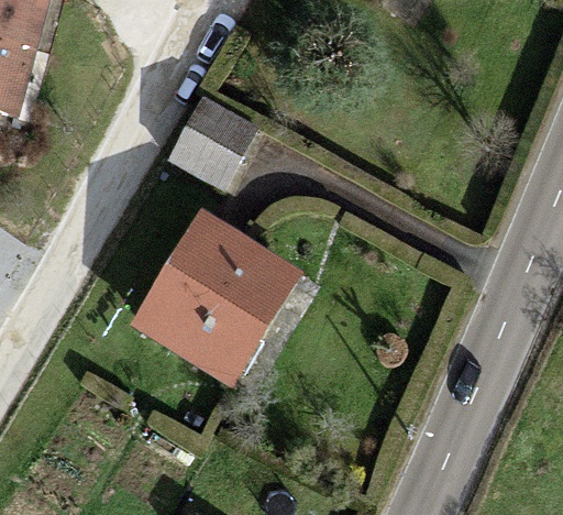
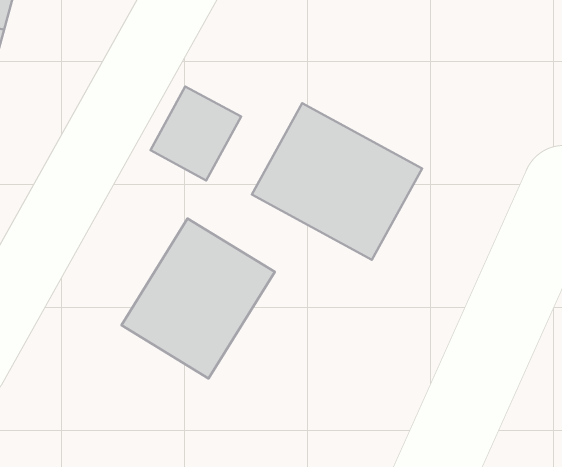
building: none -> [252,103,422,260]

